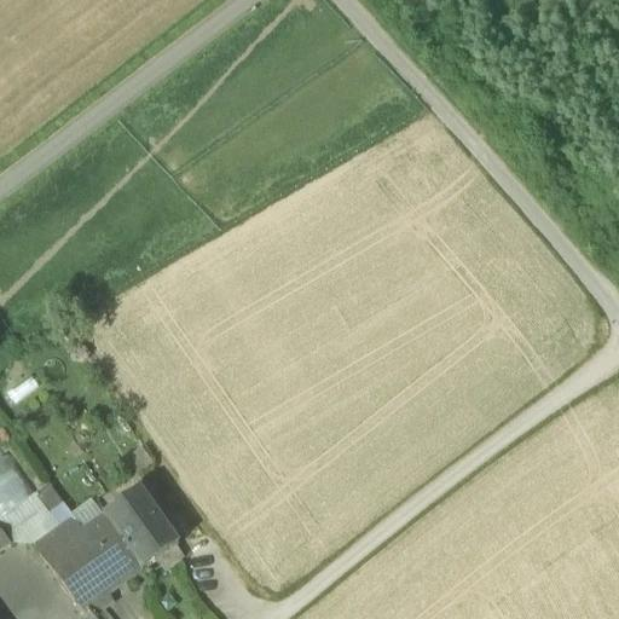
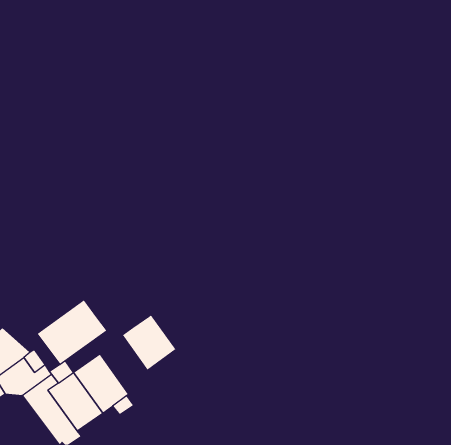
building: none -> [37,300,107,365]
building: none -> [122,315,176,370]

